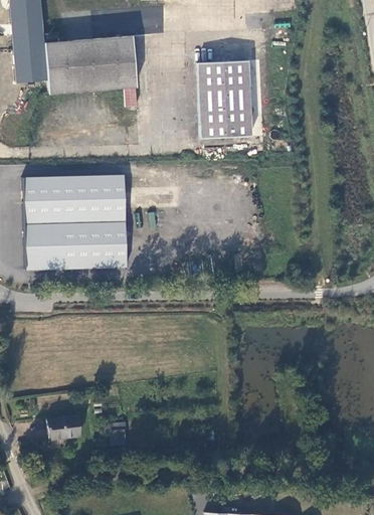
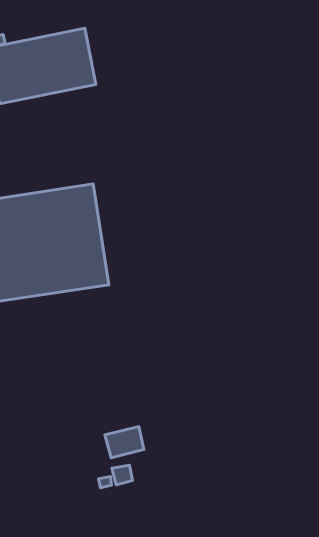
building: [199,59,252,137] -> none
building: [48,413,81,439] -> [105,426,144,458]

